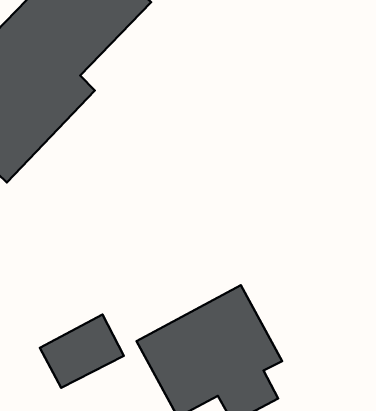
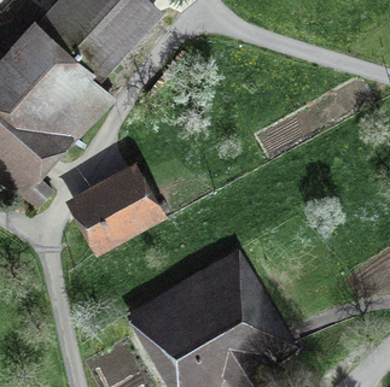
building: [40,314,124,388] -> [76,180,152,246]

